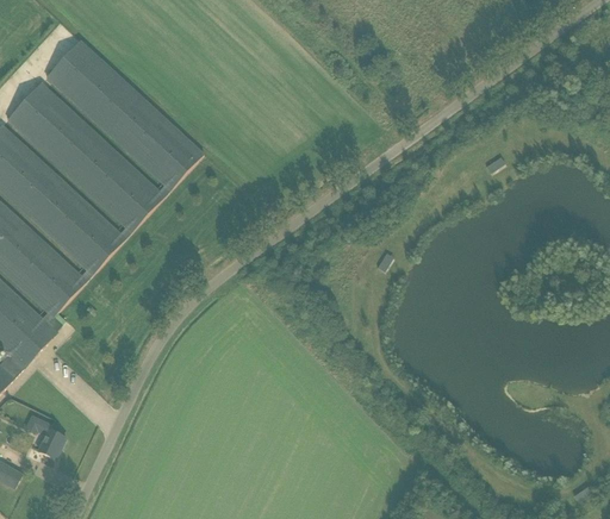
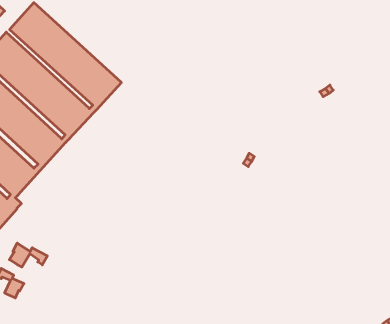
building: none -> [9,243,47,267]

